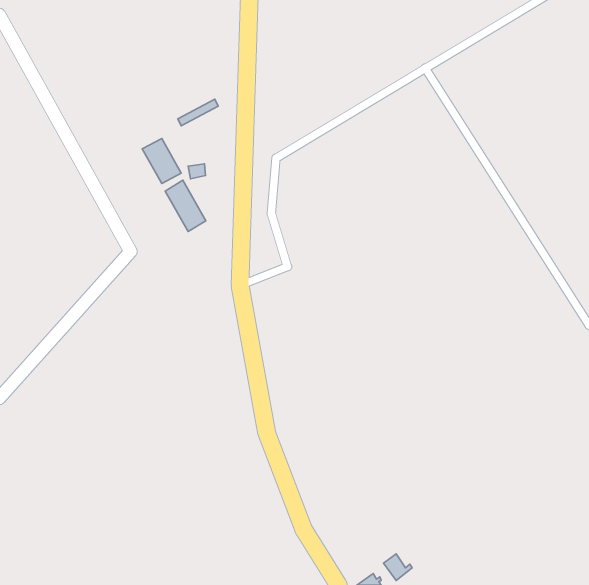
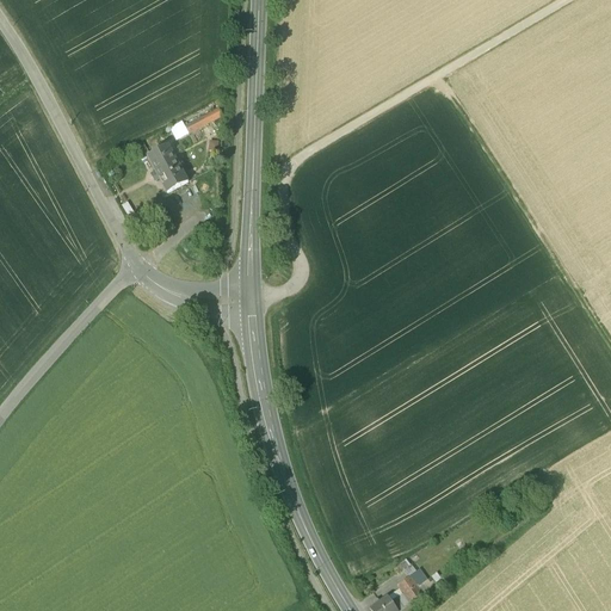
building: [165,180,206,232] -> none

